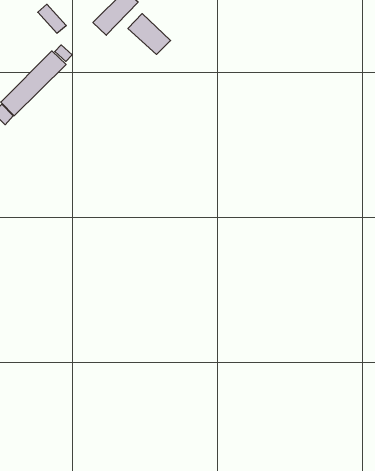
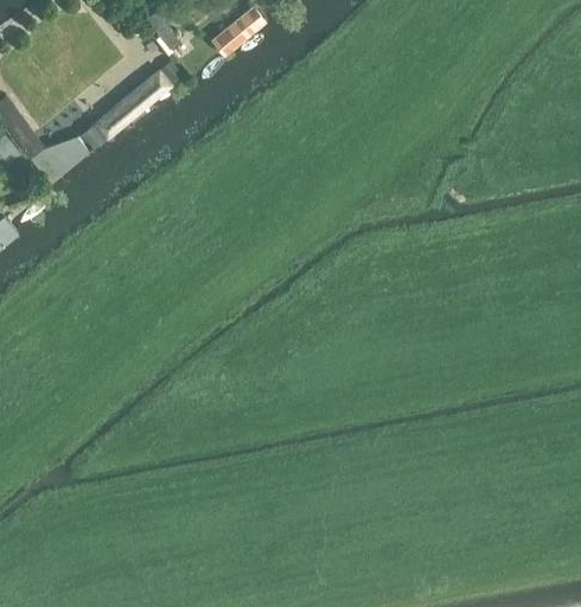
building: [128,14,171,54] -> none

